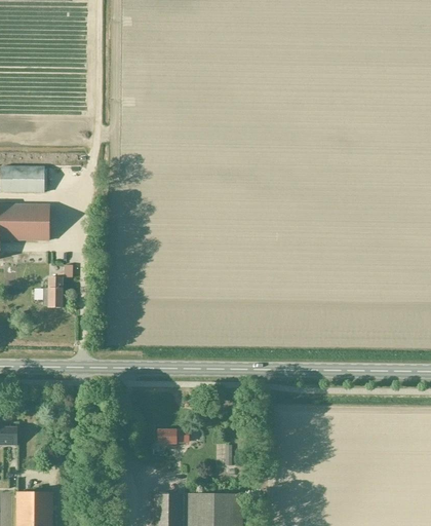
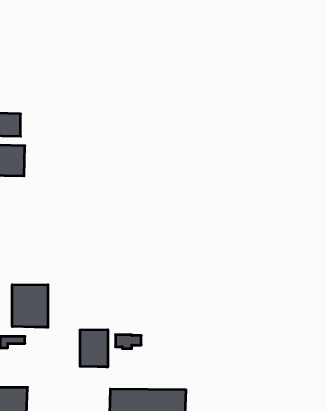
building: [43,277,63,307] -> none
building: none -> [12,285,48,327]
building: none -> [80,330,108,367]

